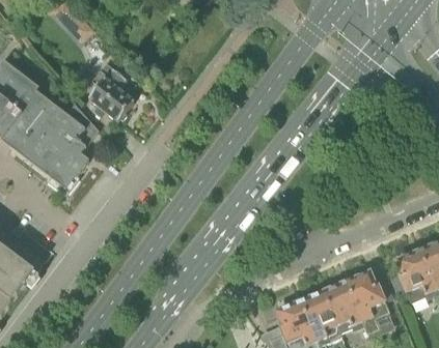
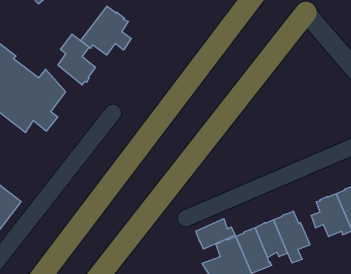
building: none -> [81,6,131,55]
building: none -> [196,219,235,249]

